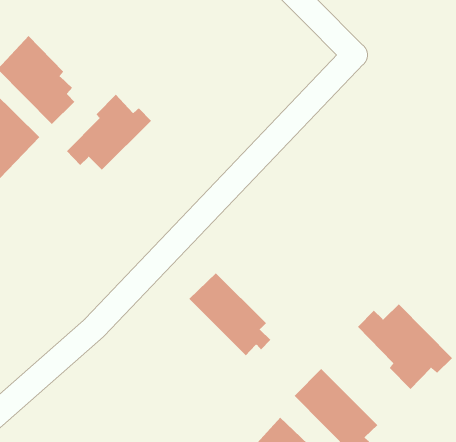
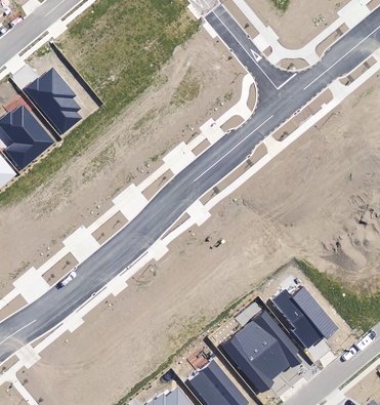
building: [66,94,152,171] -> none
building: [189,273,271,356] -> [243,309,300,371]

